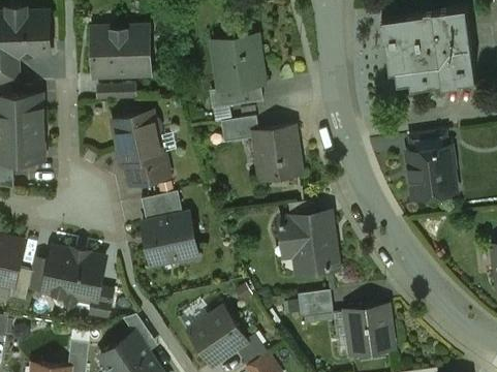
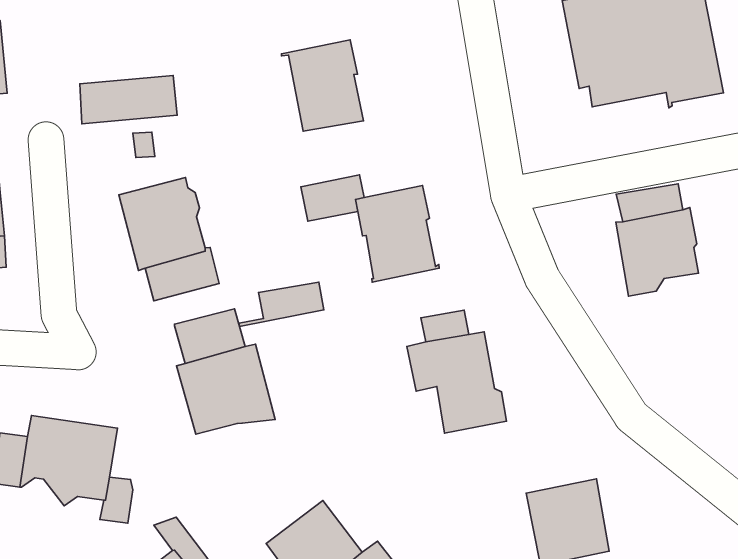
building: [92,28,149,54] -> none
building: [212,85,262,109] -> [239,282,324,327]
building: [298,290,333,312] -> none

